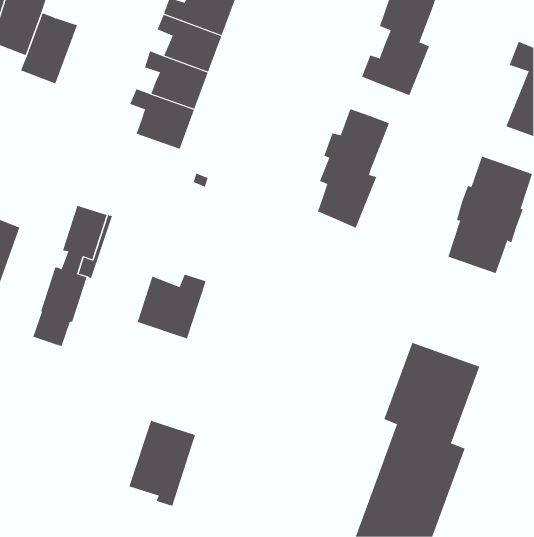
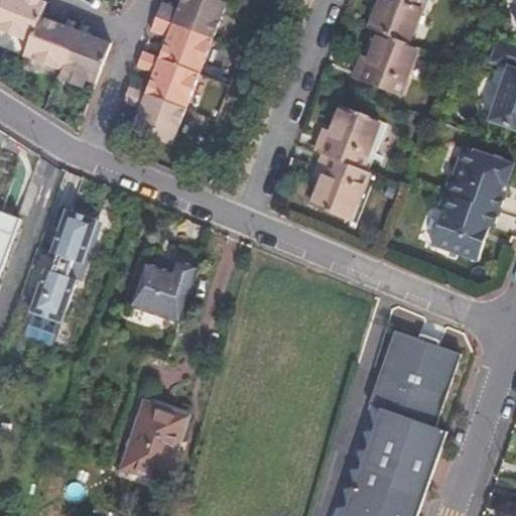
building: none -> [53,24,111,94]

